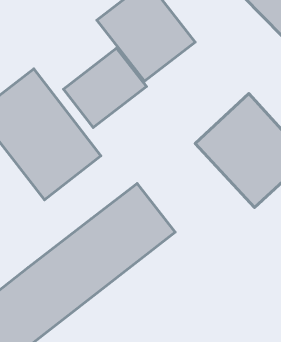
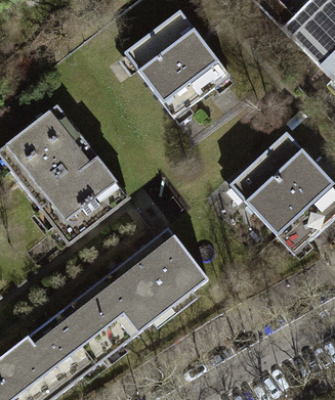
building: [63,48,146,128] -> none

